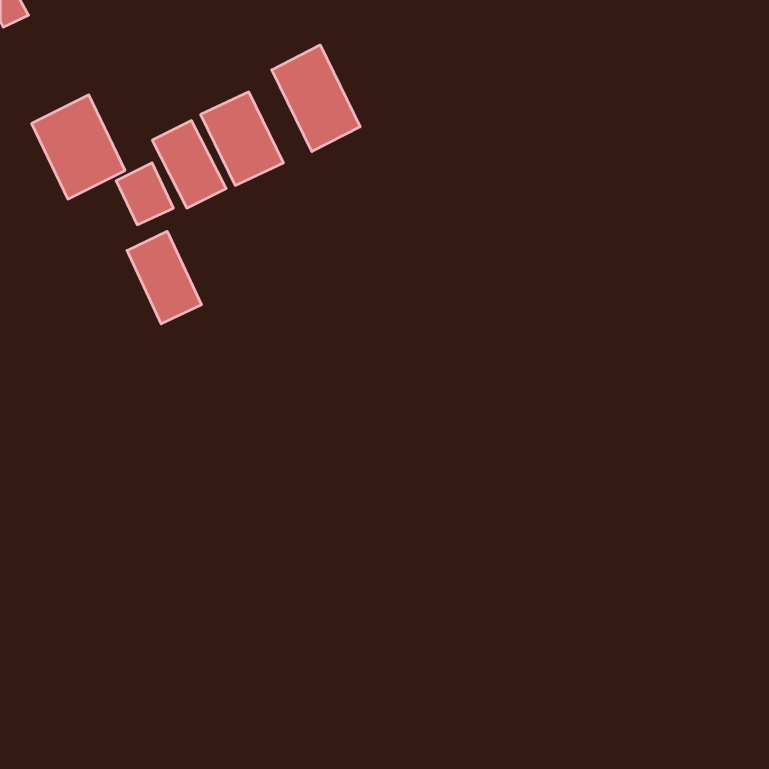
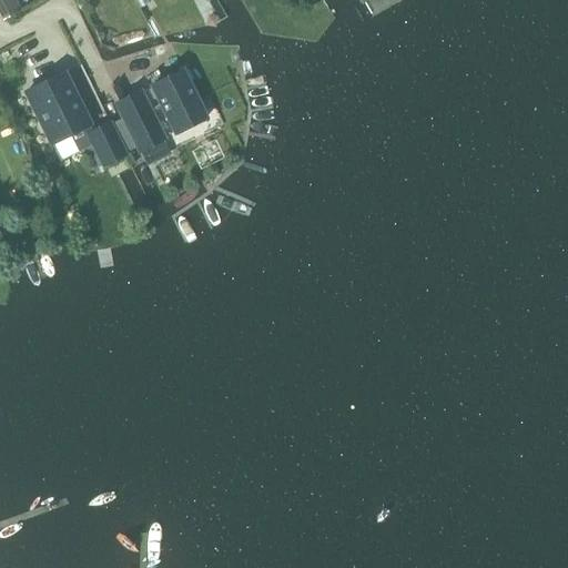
building: [272,45,360,152] -> none
building: [127,231,201,324] -> none

